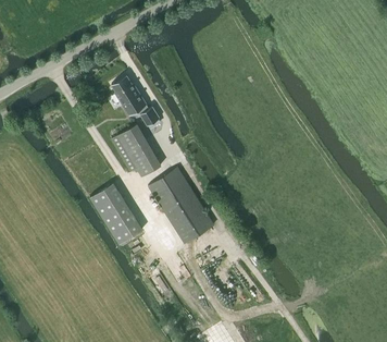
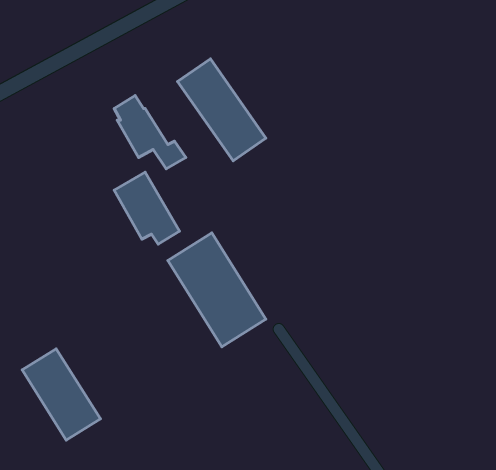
building: none -> [178,59,266,161]
building: [90,182,142,243] -> [22,349,100,440]

